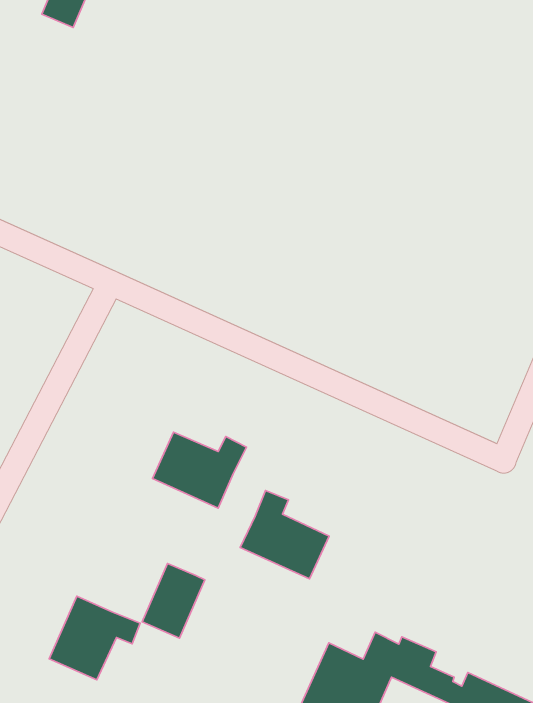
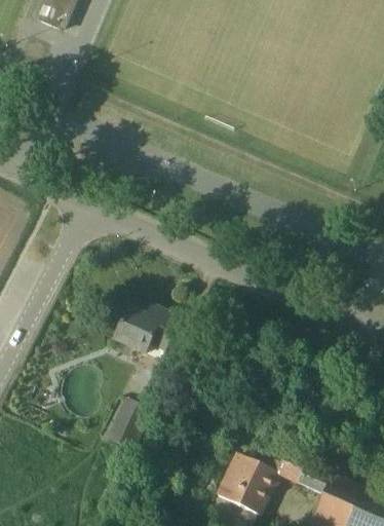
building: [240,490,329,579] -> none
building: [49,596,140,680] -> none

